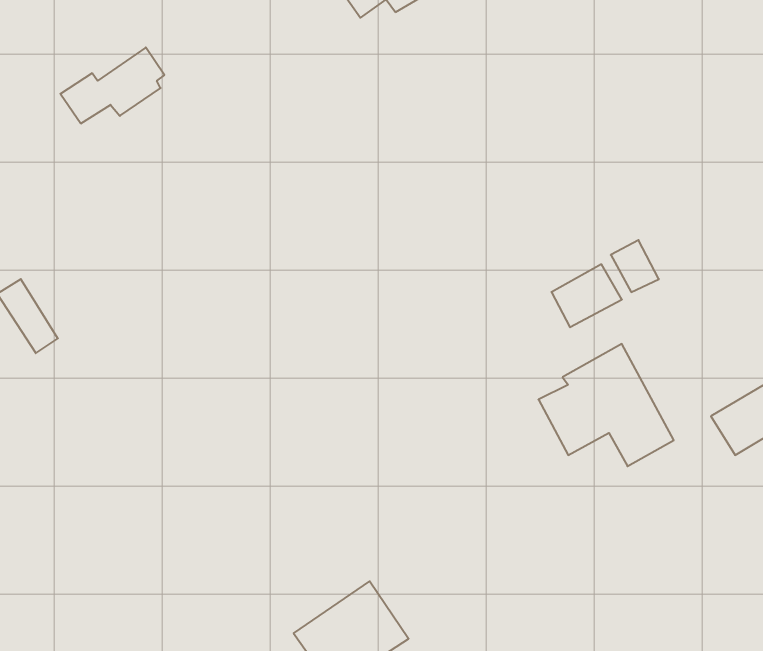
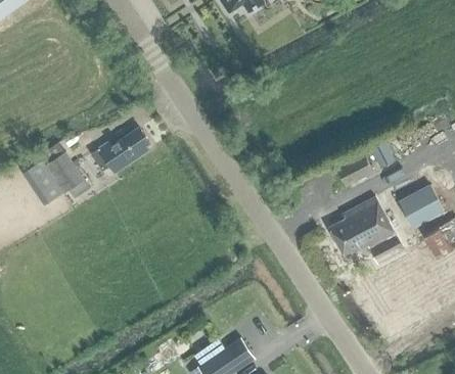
building: [60,47,164,123] -> [91,128,148,170]
building: none -> [45,153,82,193]
building: none -> [400,186,444,225]

